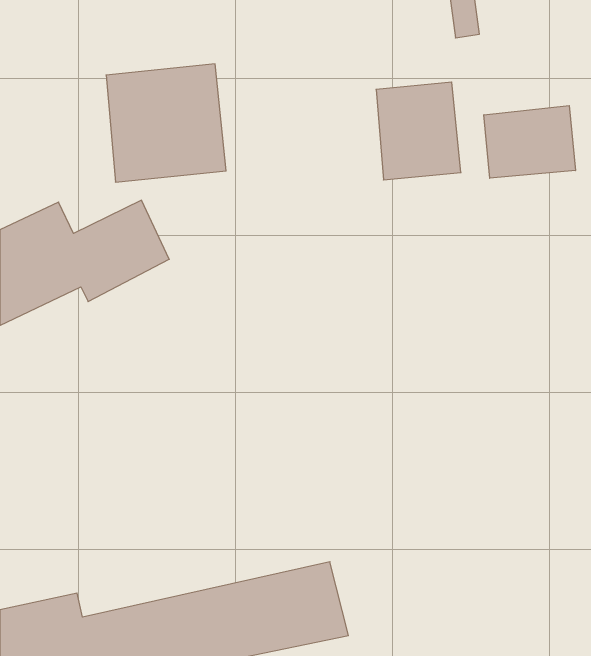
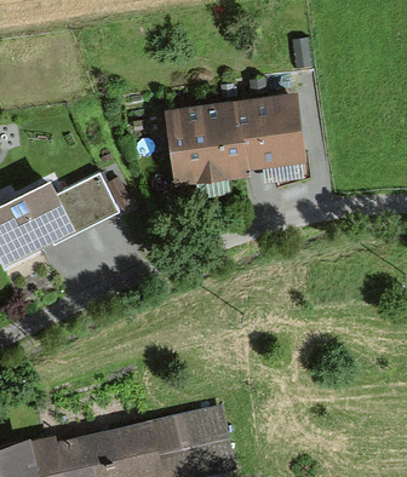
building: [106,64,226,182] -> [159,104,237,182]
building: [484,106,575,178] -> none

